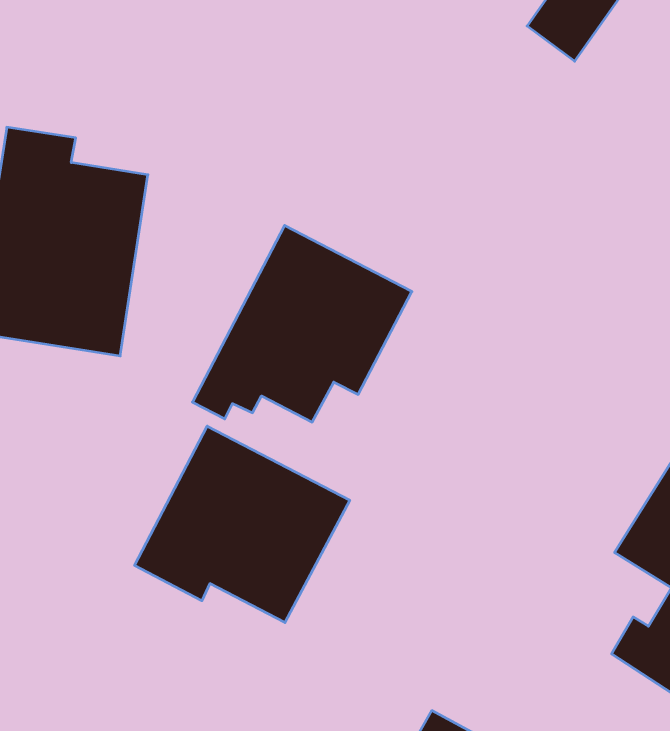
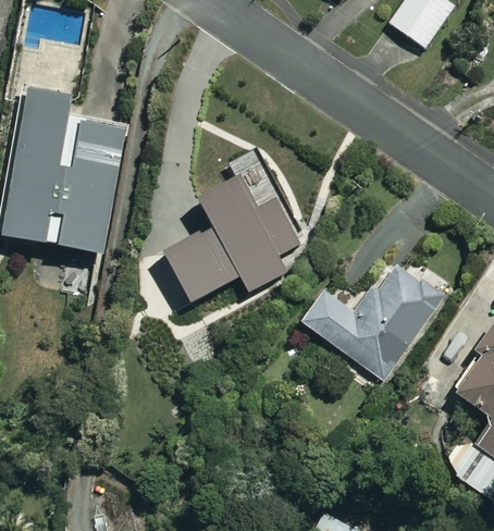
building: none -> [304,263,444,379]
building: [135,426,350,623] -> none

